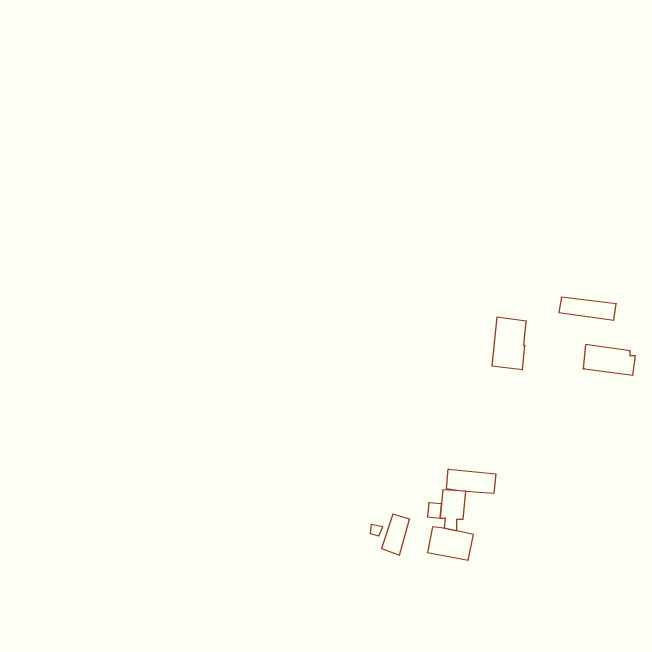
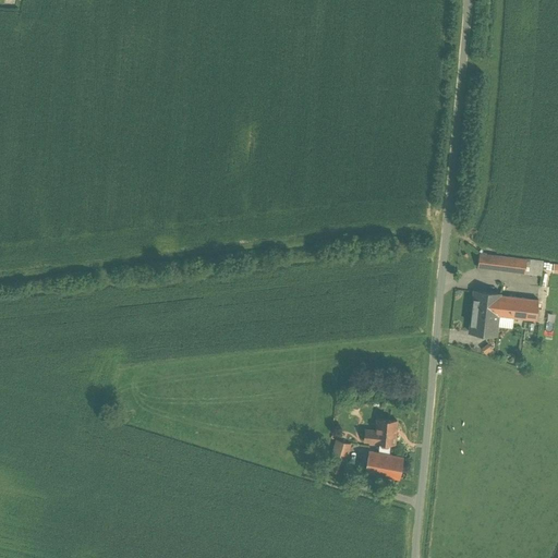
building: [492,317,526,370] -> [471,291,500,336]
building: [446,469,496,493] -> none

